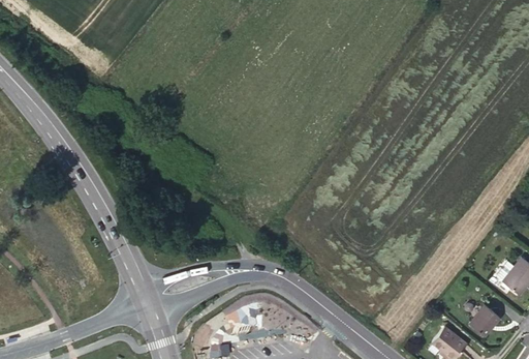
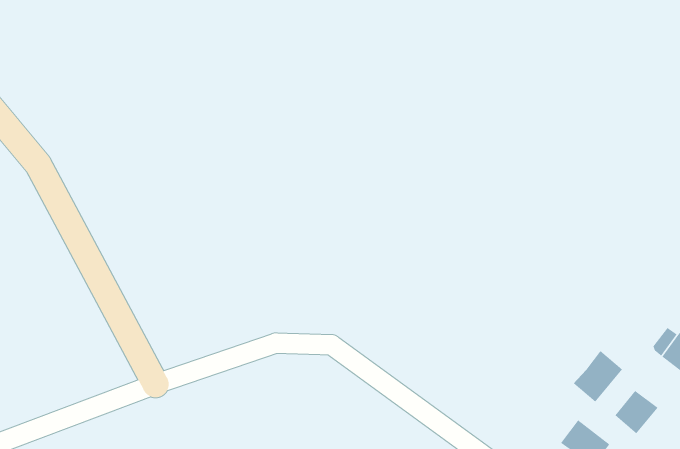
building: none -> [573,350,623,402]

